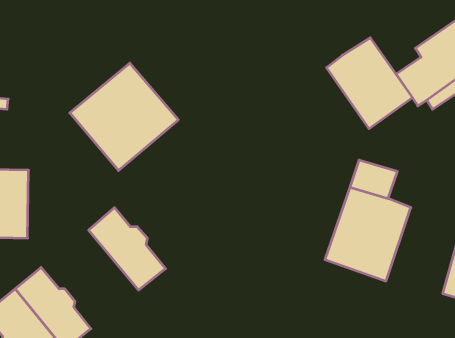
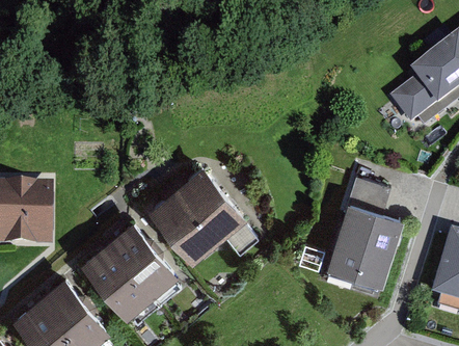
building: [327,38,412,129] -> none
building: [70,63,178,171] -> [145,163,245,262]
building: none -> [79,240,152,317]

